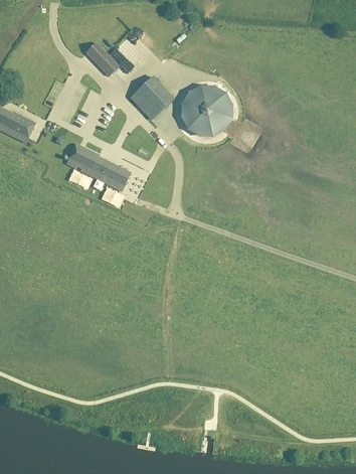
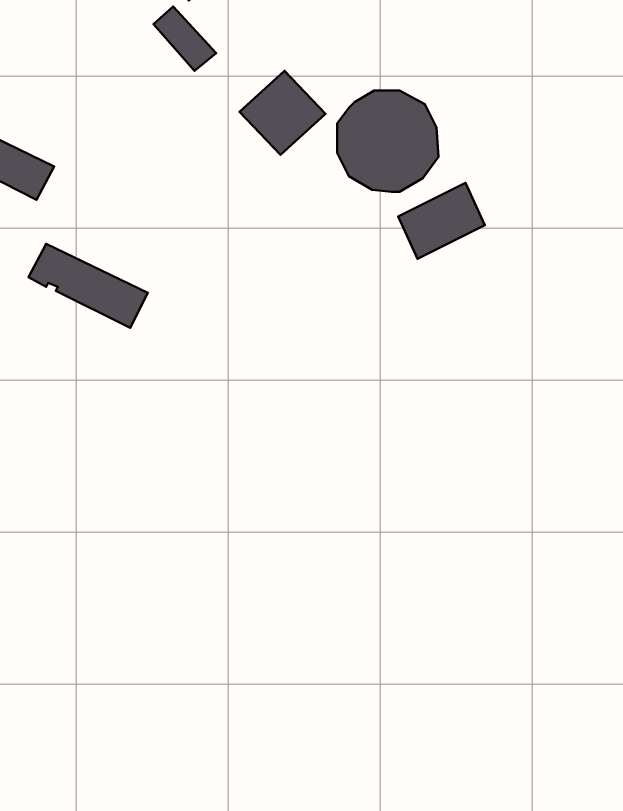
building: none -> [398,183,485,259]
building: [65,145,127,188] -> [29,244,148,328]

